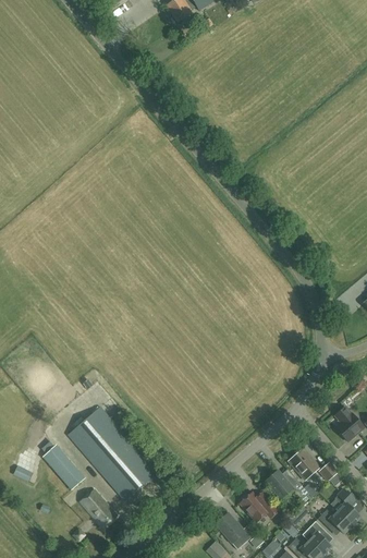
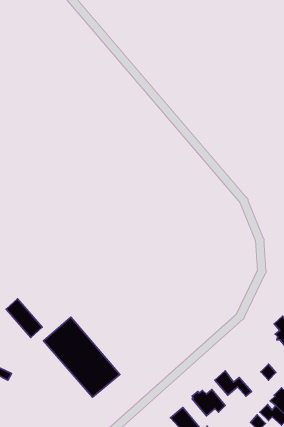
building: [42,446,84,490] -> [6,299,42,337]
building: [289,448,319,480] -> none
building: [79,489,117,527] -> none

